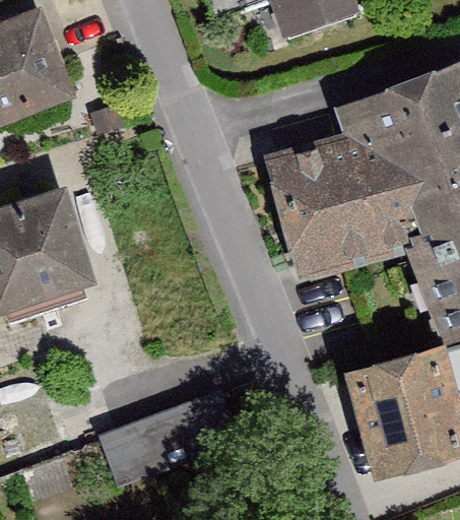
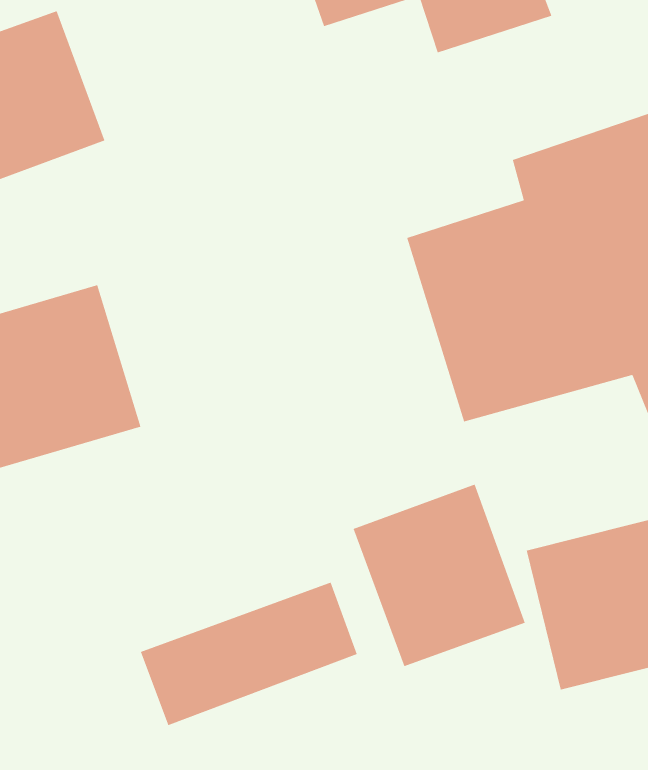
building: none -> [353,483,526,667]

